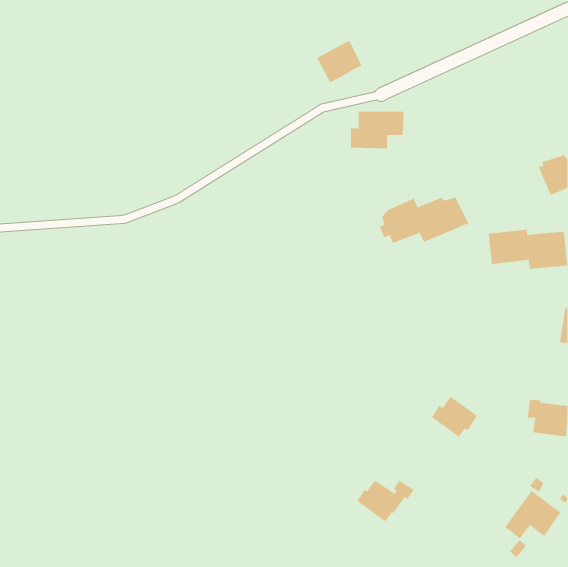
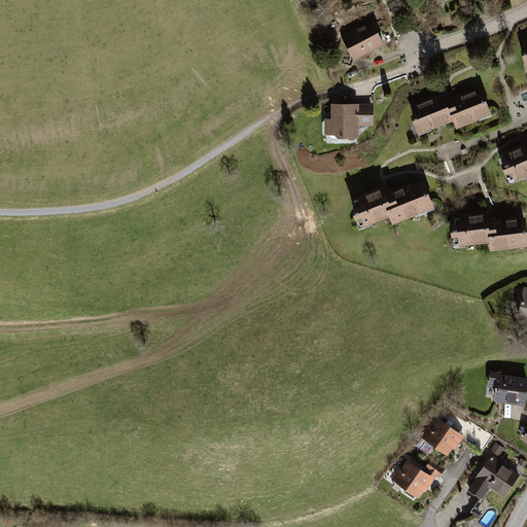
building: [317,40,362,83] -> [341,21,383,61]
building: none -> [410,87,492,135]
building: [431,396,478,437] -> [421,418,464,456]
building: [357,480,414,522] -> [391,460,445,499]

